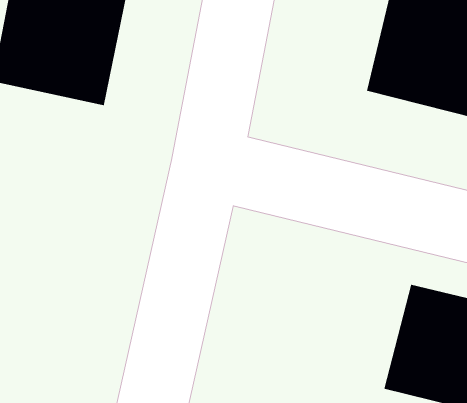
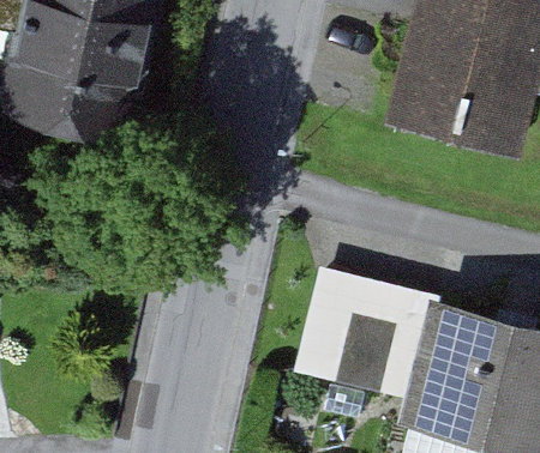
building: none -> [298,271,432,395]

